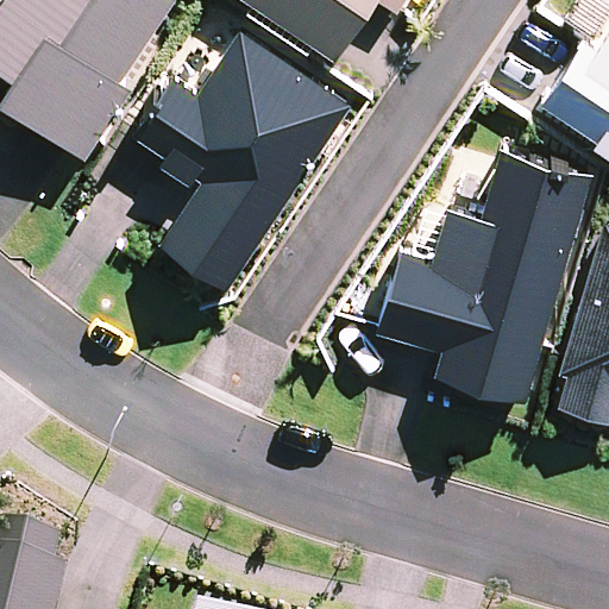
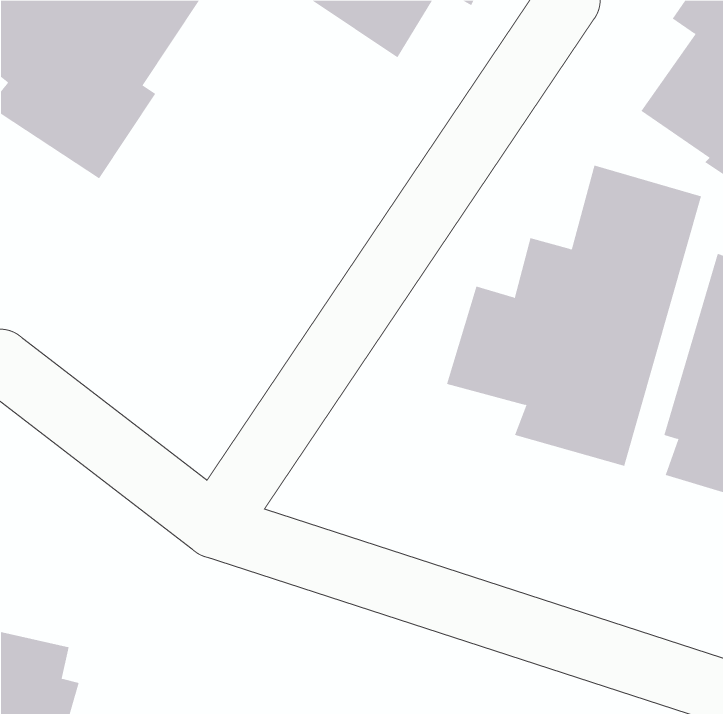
building: [132,36,347,287] -> none

